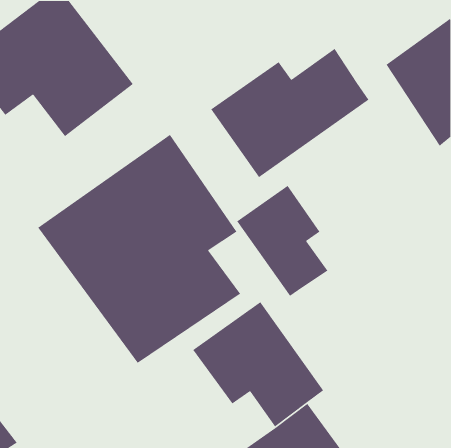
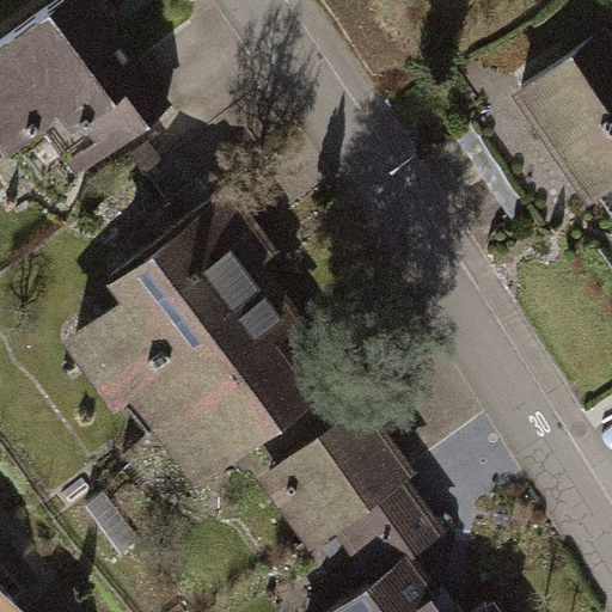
building: [210,48,369,178] -> none
building: [236,185,329,297] -> none

